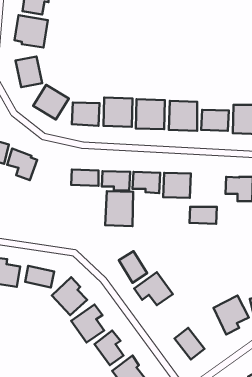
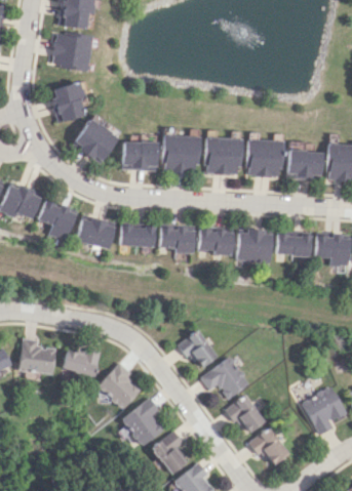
building: none -> [77,217,117,250]
building: [105,191,133,226] -> none
building: [189,207,217,224] -> [278,235,313,256]
building: none -> [228,395,266,435]

